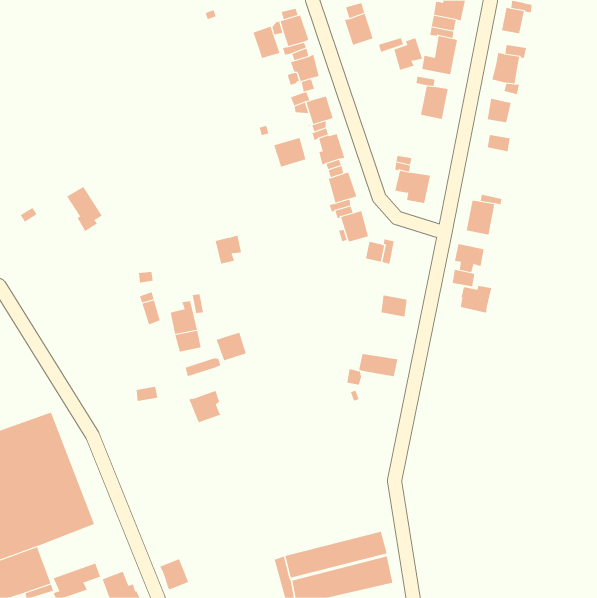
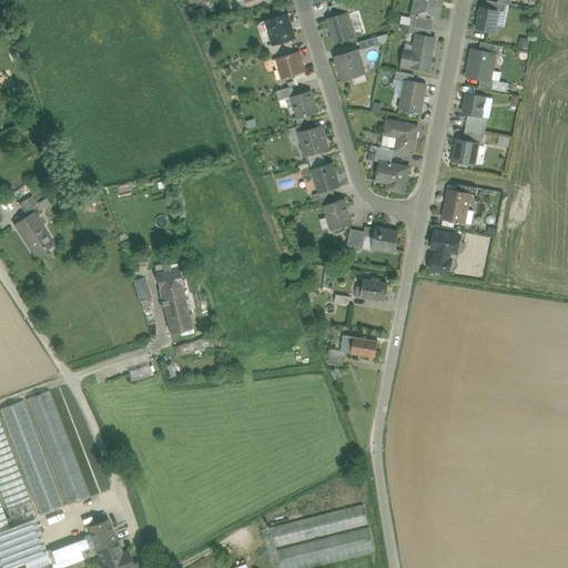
building: [253,26,280,59] -> none
building: [394,38,423,70] -> [335,50,363,81]
building: none -> [381,120,417,154]
building: [274,137,306,168] -> none
building: none -> [452,139,477,166]
building: [66,186,102,232] -> [16,213,50,256]
building: [215,235,242,264] -> [155,268,181,296]
building: none -> [371,227,397,252]
building: [460,285,492,314] -> none
building: [216,326,247,361] -> none
building: [189,390,224,423] -> none
building: [159,558,190,590] -> [88,519,116,549]

